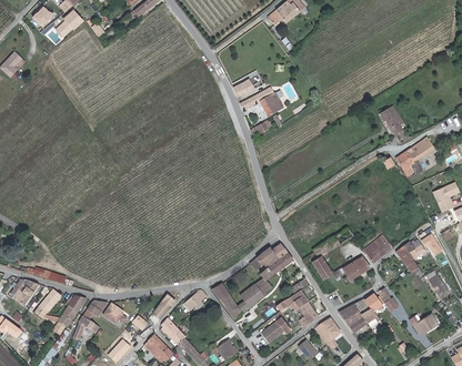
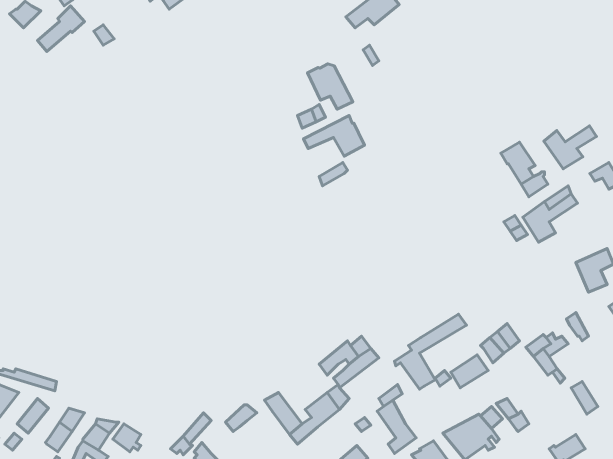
building: none -> [308,64,353,109]
building: none -> [544,126,597,169]

